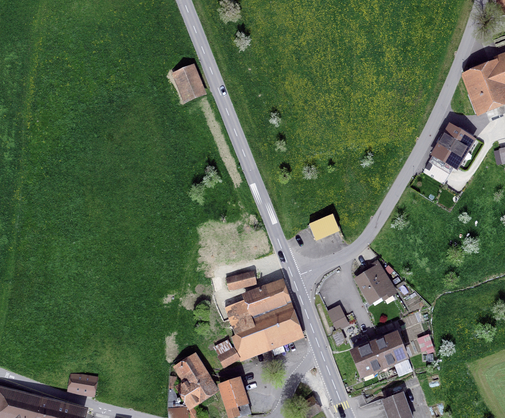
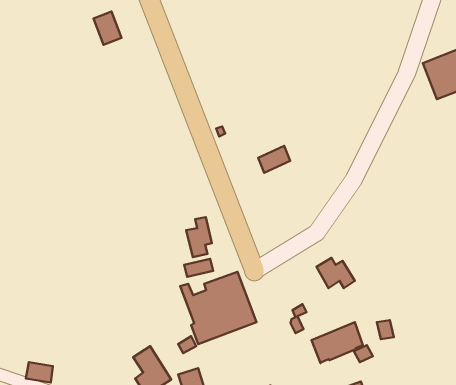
building: [175,66,203,99] -> [94,12,122,45]
building: [434,125,472,165] -> none
building: [308,212,340,239] -> [258,146,290,173]
building: none -> [186,217,212,257]

